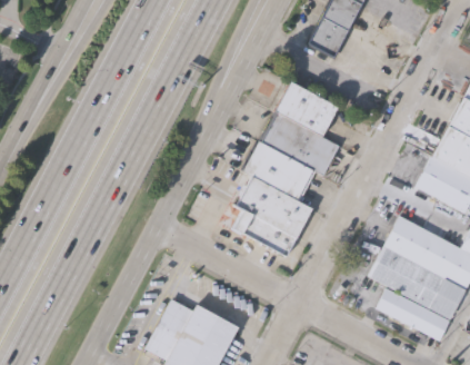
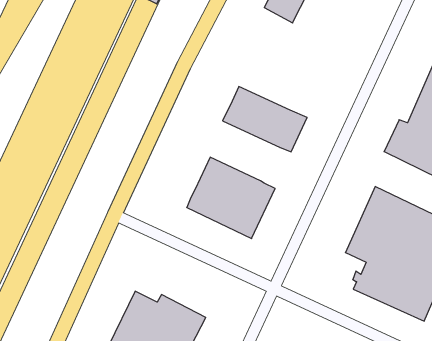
building: [277,82,341,138] -> none
building: [242,142,314,205] -> none

